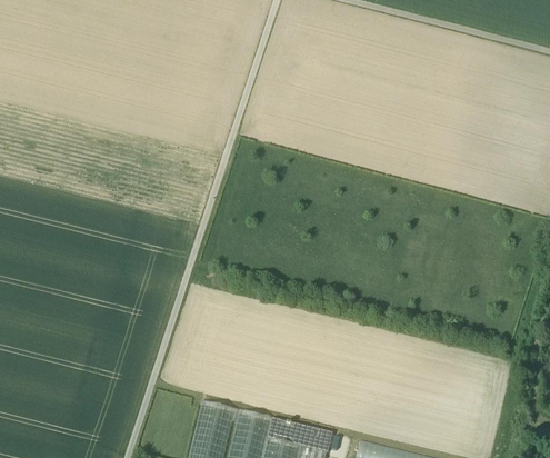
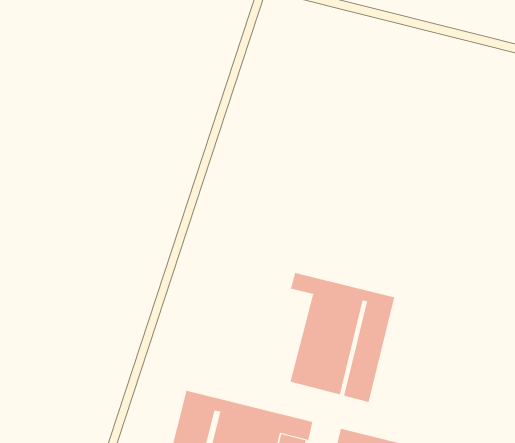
building: none -> [290,272,395,403]

